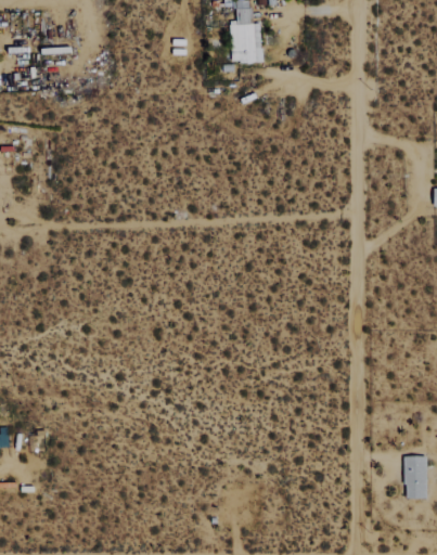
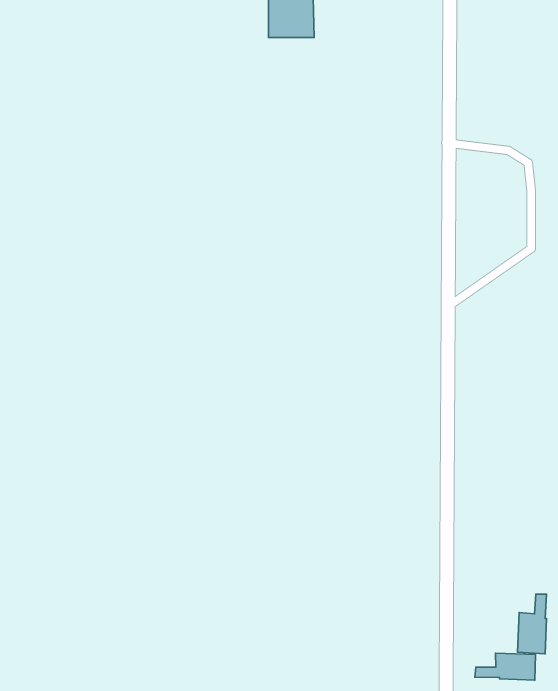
building: none -> [475,653,535,680]

